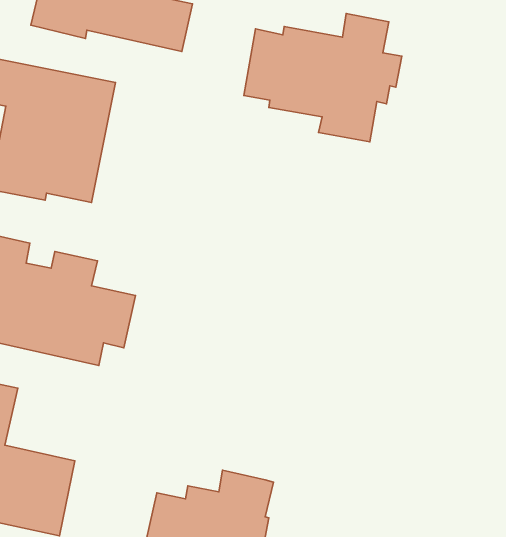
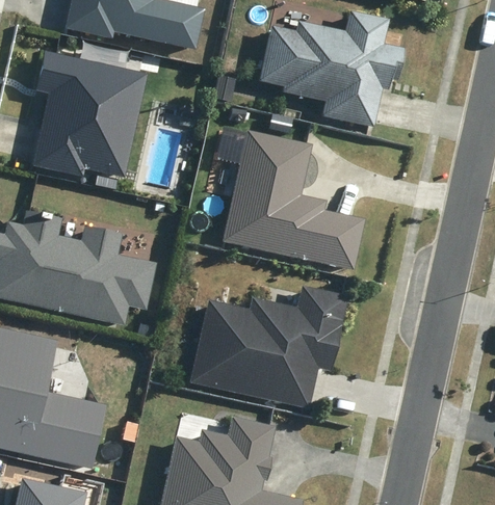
building: none -> [227,132,369,268]
building: none -> [190,288,344,409]

